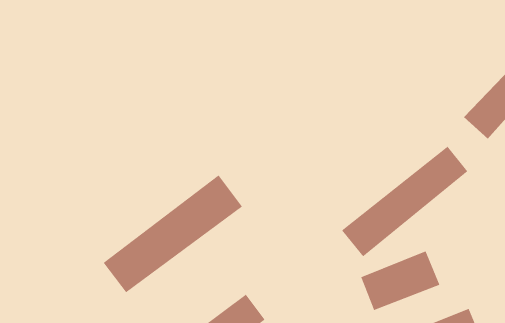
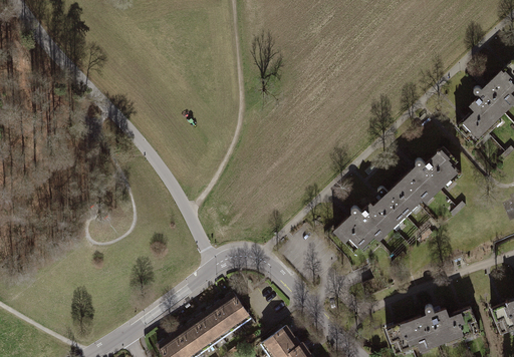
building: [103,175,243,293] -> none
building: [360,250,440,311] -> none

